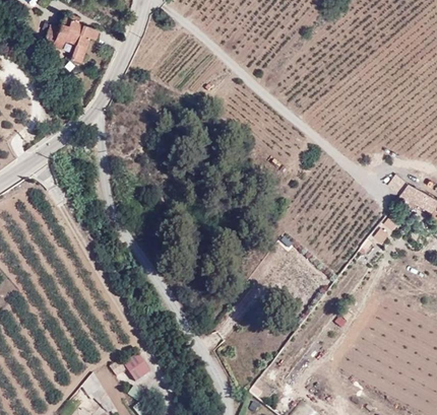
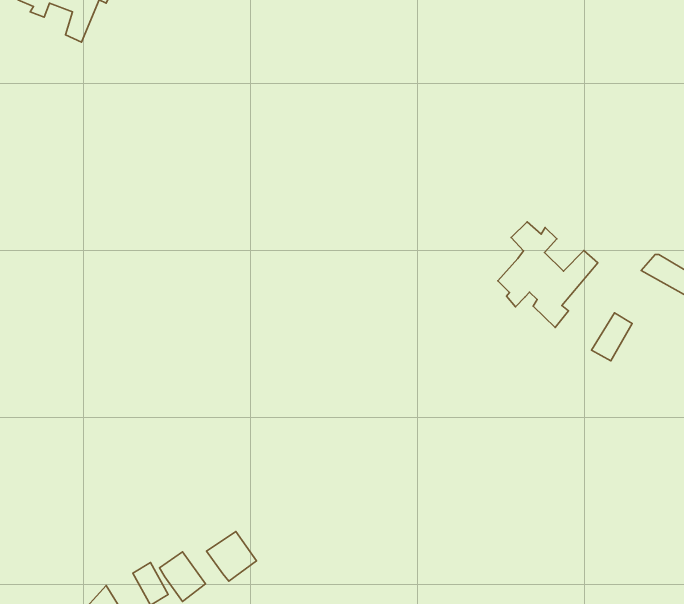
building: none -> [498,222,598,327]
building: none -> [206,531,257,581]

